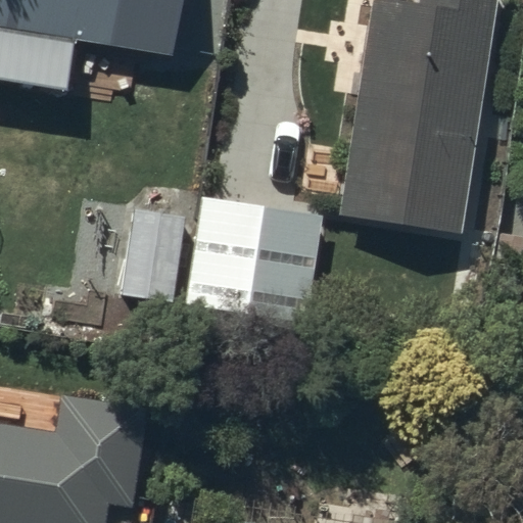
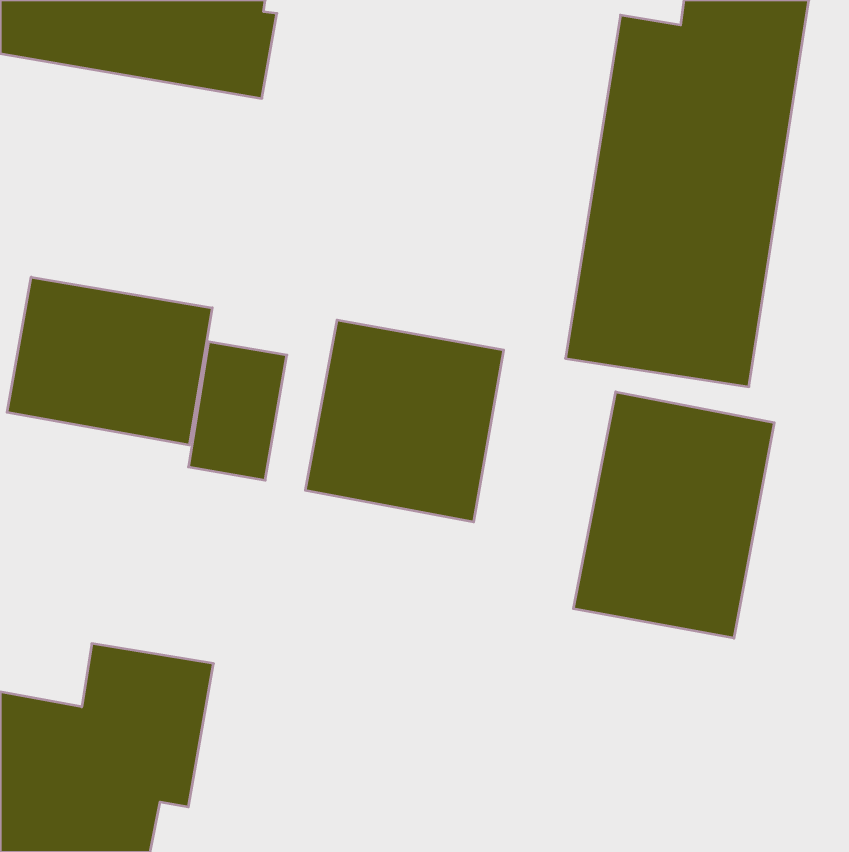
building: none -> [7,277,212,445]
building: none -> [573,392,774,638]

